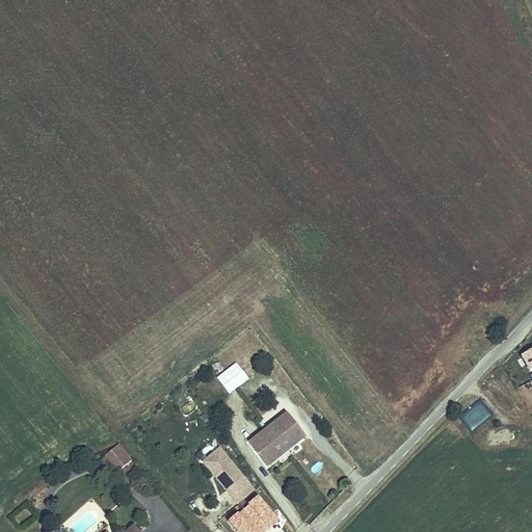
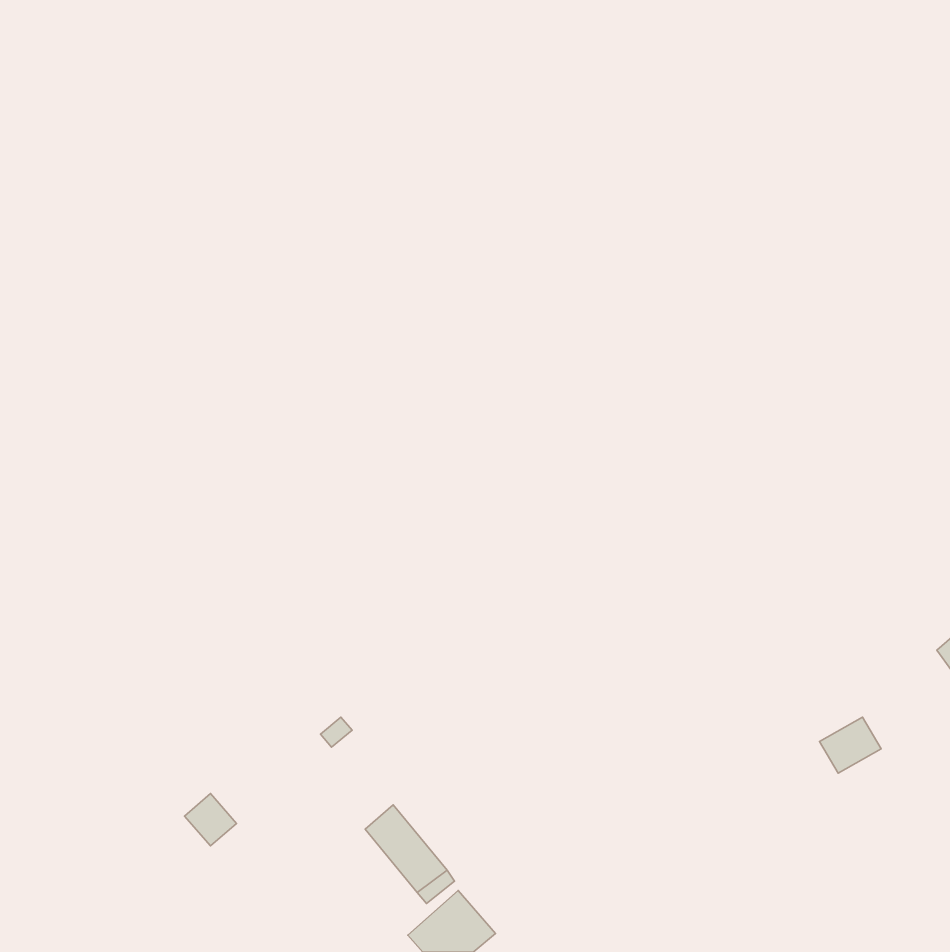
building: [217,361,248,391] -> none
building: [250,408,307,461] -> none

